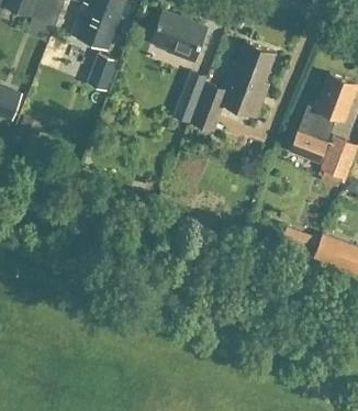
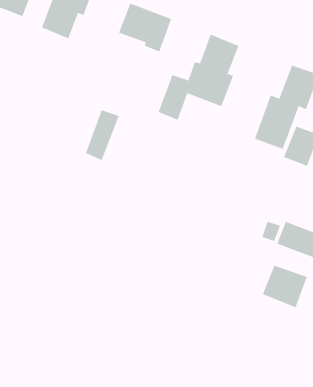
building: [86,55,118,92] -> none
building: [174,73,209,125] -> [85,109,119,161]
building: none -> [262,265,308,308]

